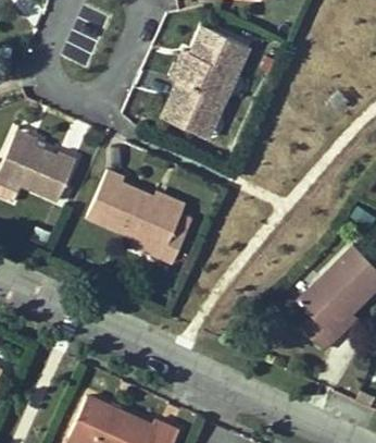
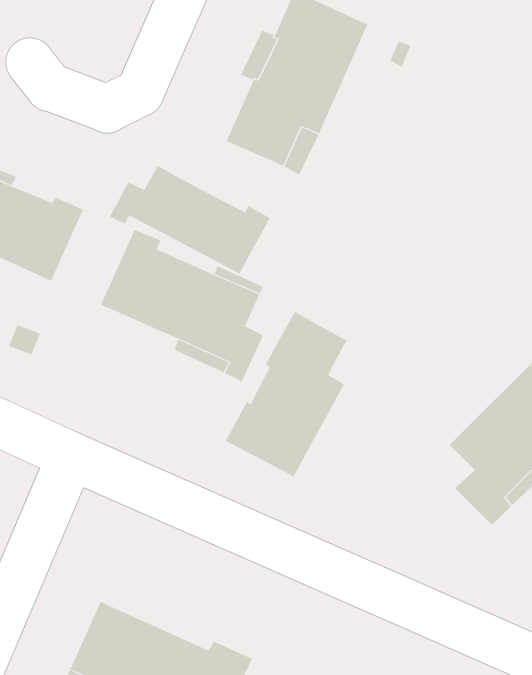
building: none -> [109,165,271,275]
building: none -> [225,311,347,477]

